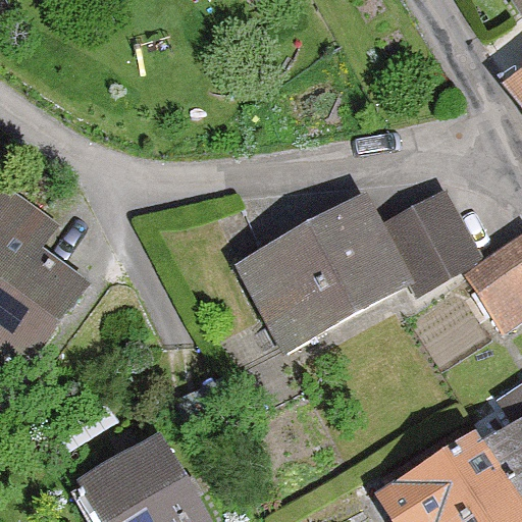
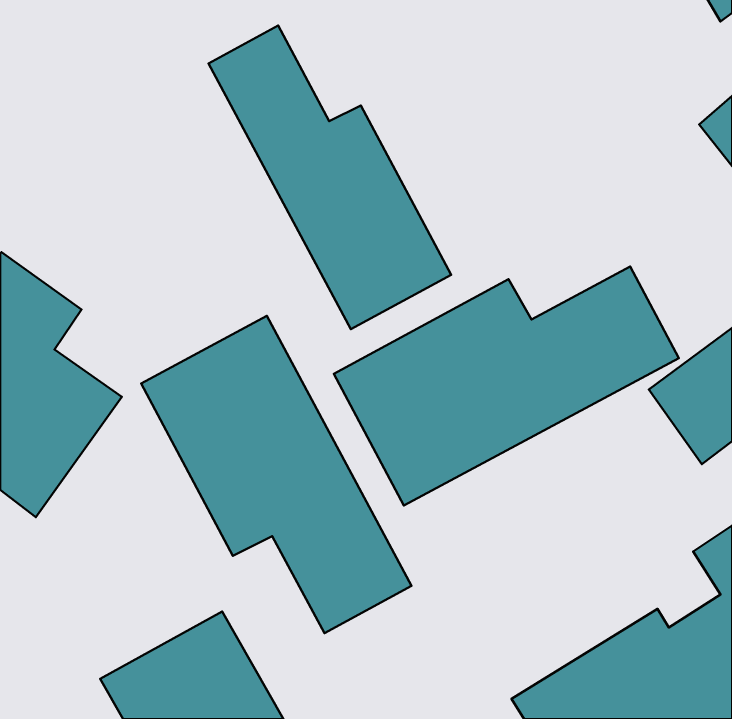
building: none -> [208,26,451,329]
building: none -> [141,316,412,633]

